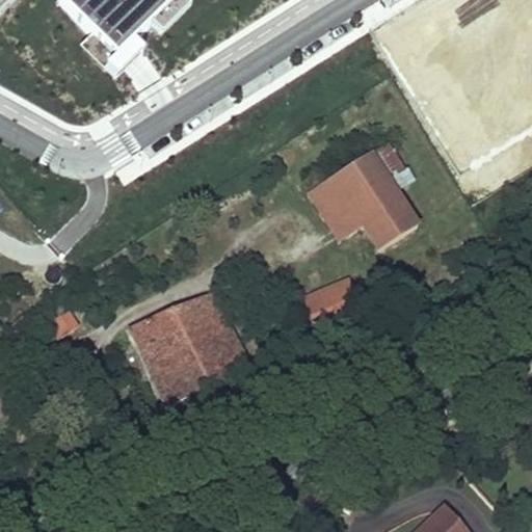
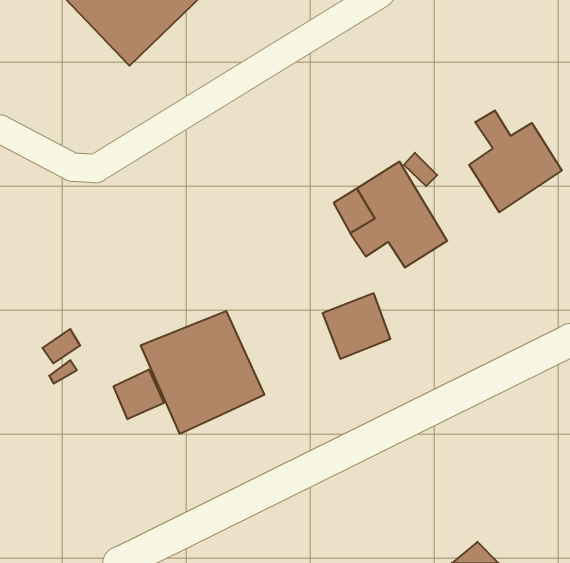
building: none -> [469,110,562,212]
building: none -> [114,369,164,419]

